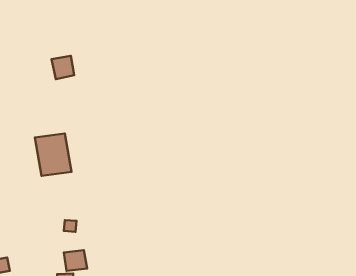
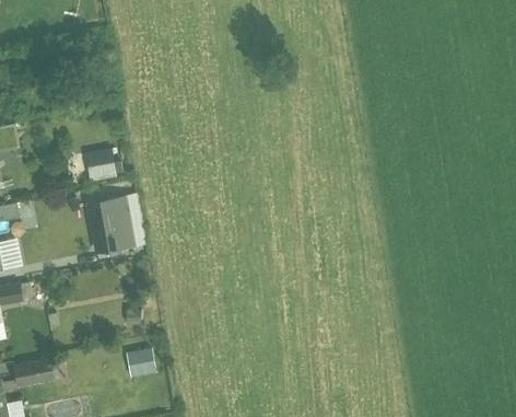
building: [52,56,74,79] -> [85,150,115,181]

